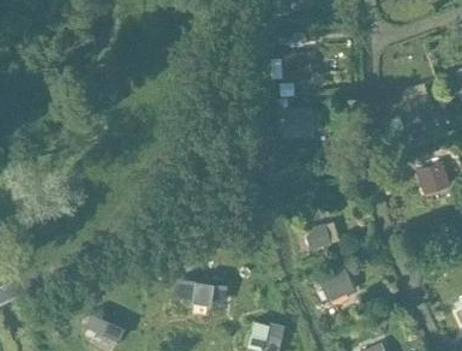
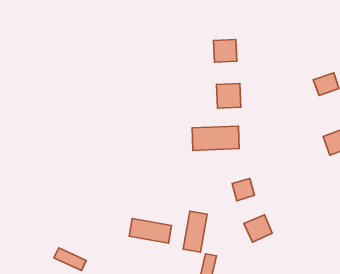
building: none -> [192,126,239,150]
building: none -> [183,211,207,252]

